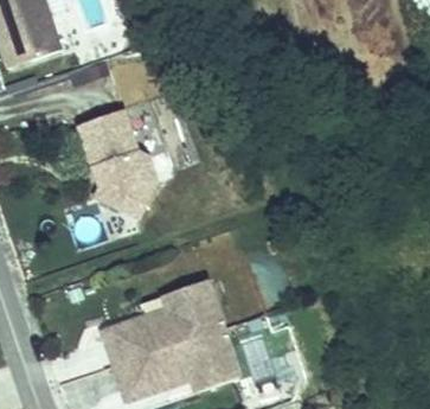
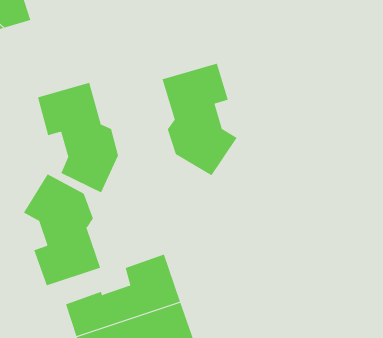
building: none -> [162,63,237,176]
building: none -> [23,173,101,286]

